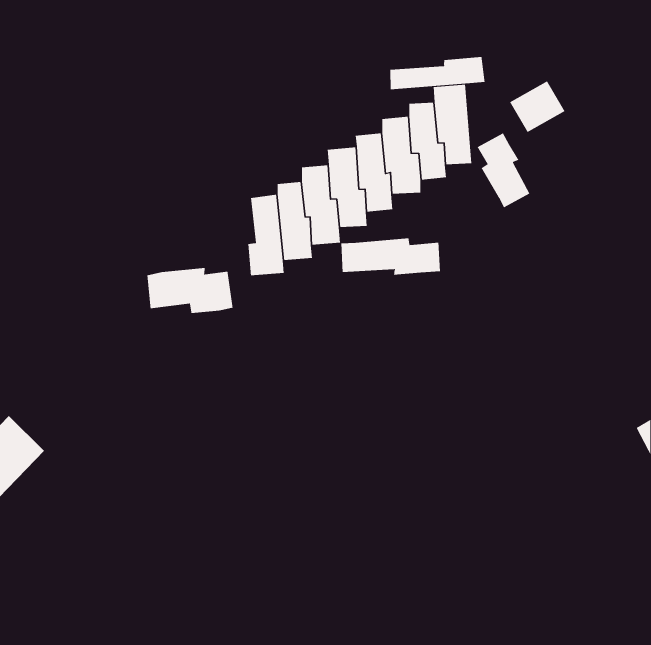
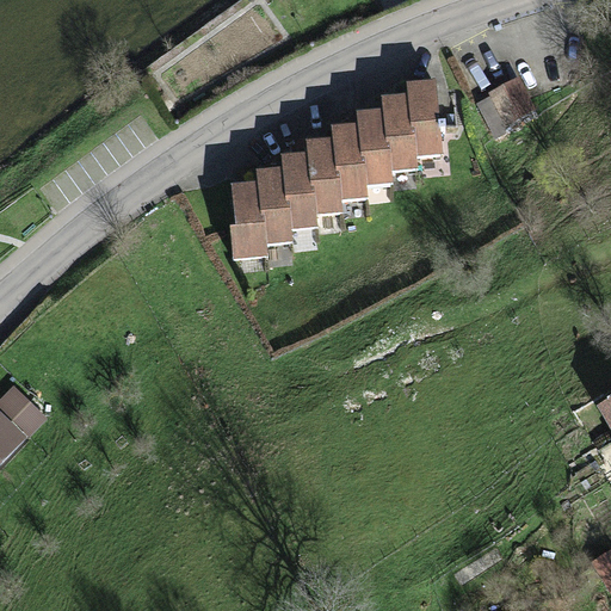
building: [390,56,485,90] -> none
building: [477,132,530,208] -> none
building: [341,237,440,276] -> none
building: [147,267,233,314] -> none

